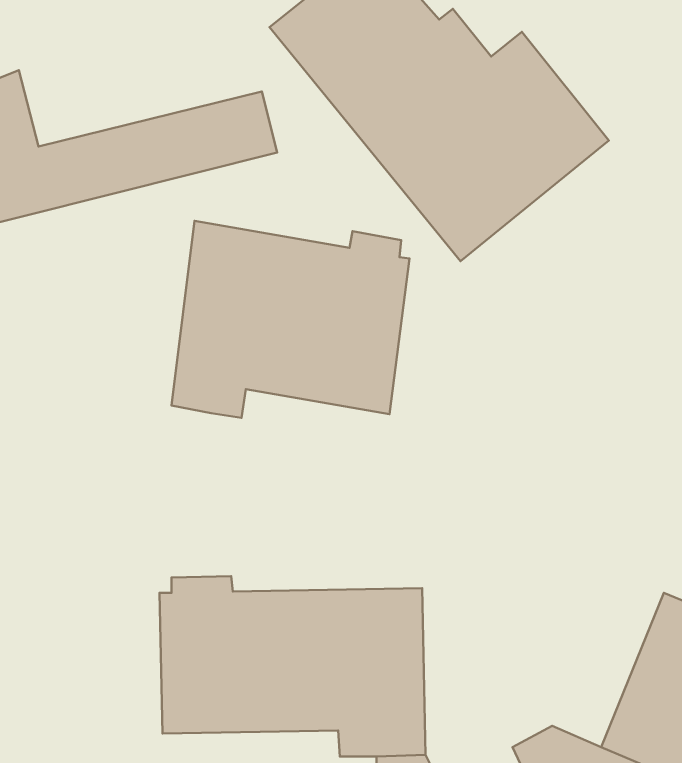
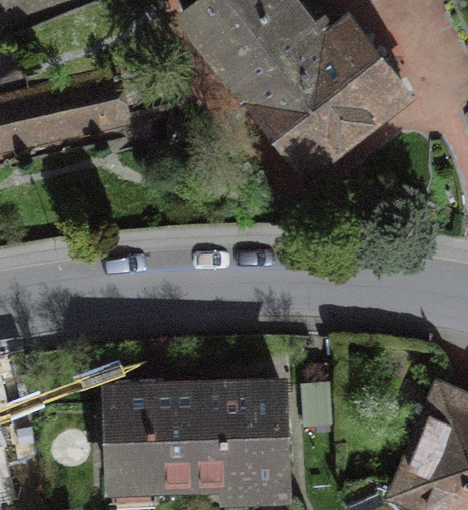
building: [171,221,409,418] -> none

